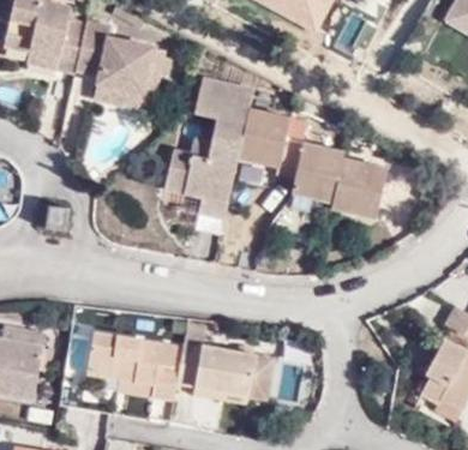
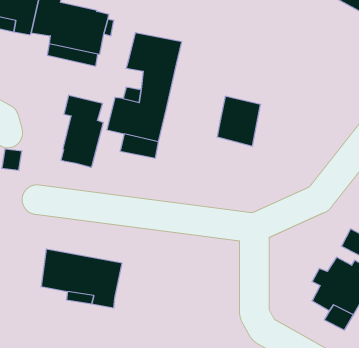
building: [239,109,314,176] -> none
building: none -> [61,95,103,168]
building: [337,163,388,226] -> none
building: [178,346,277,401] -> none

